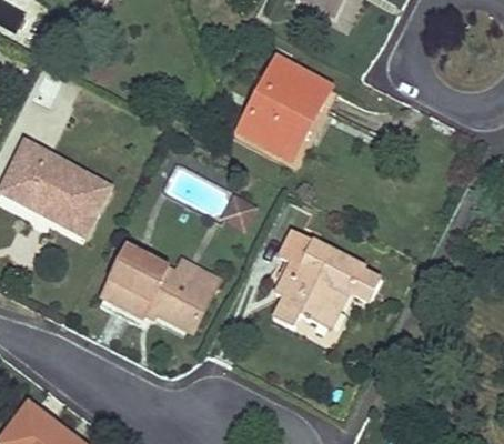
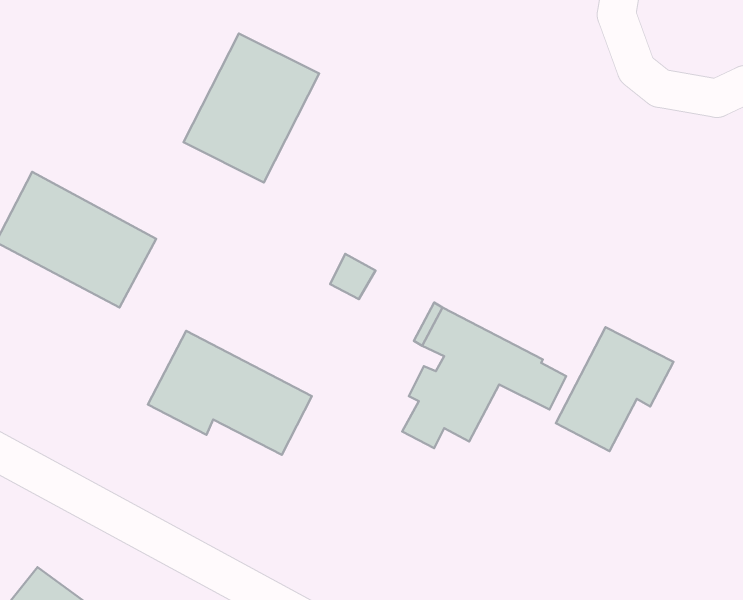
building: [239,58,329,157] -> [184,33,319,183]
building: none -> [556,327,673,451]

